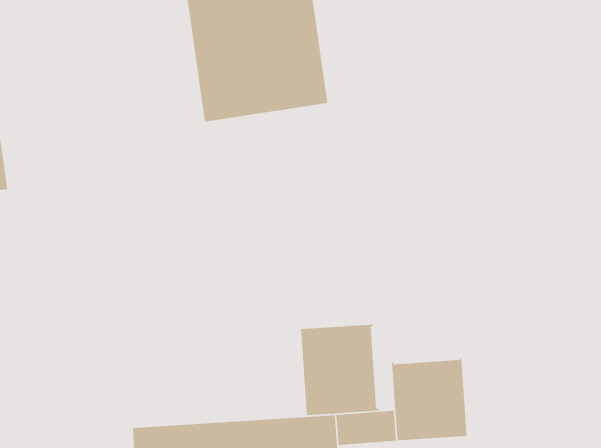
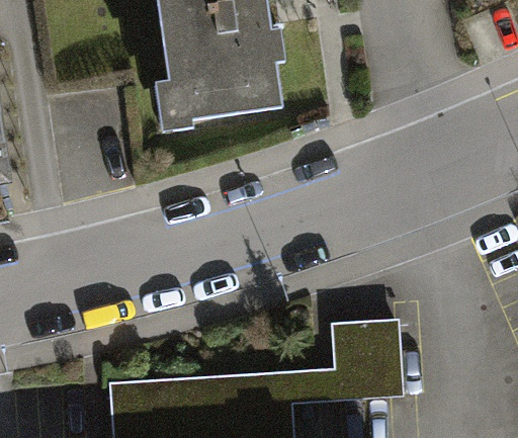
building: [300,324,382,416] -> none

